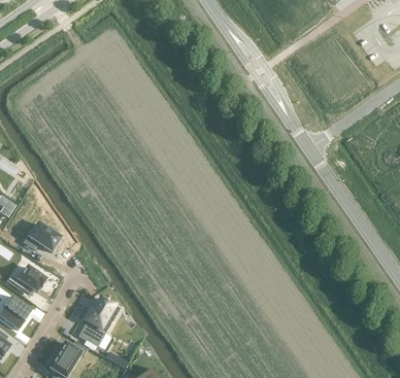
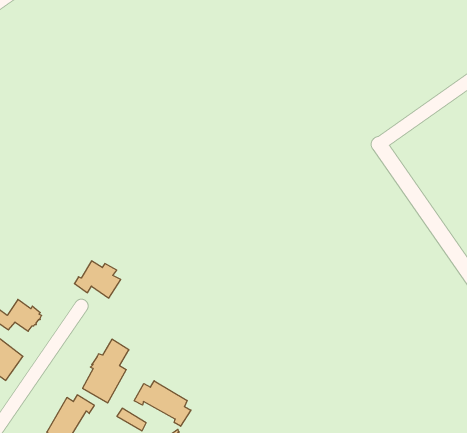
building: [24,222,60,251] -> [74,261,121,298]
building: none -> [134,381,191,426]

